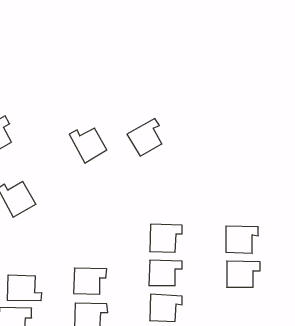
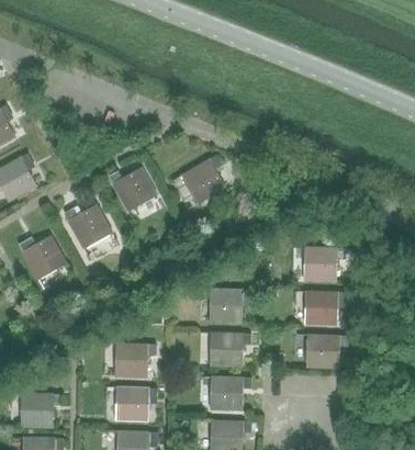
building: none -> [64,204,112,249]
building: none -> [304,247,345,281]
building: [7,275,42,301] -> none

